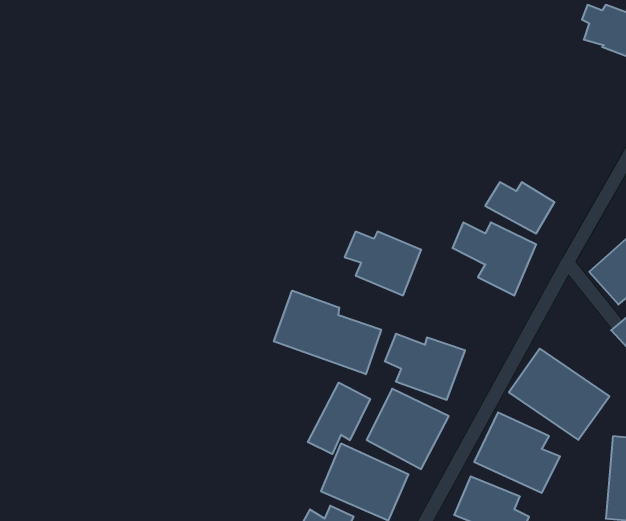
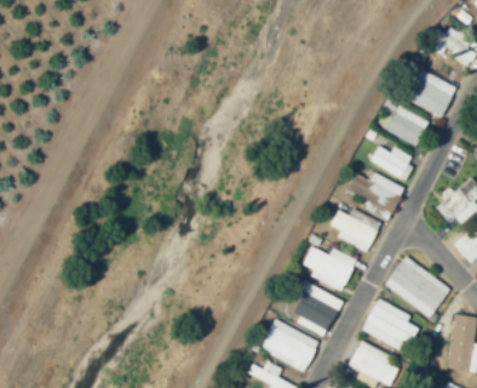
building: none -> [406,70,456,116]
building: none -> [386,107,429,147]
building: [345,232,421,295] -> [329,210,380,252]
building: [274,291,381,374] -> none
building: [308,383,370,454] -> none

